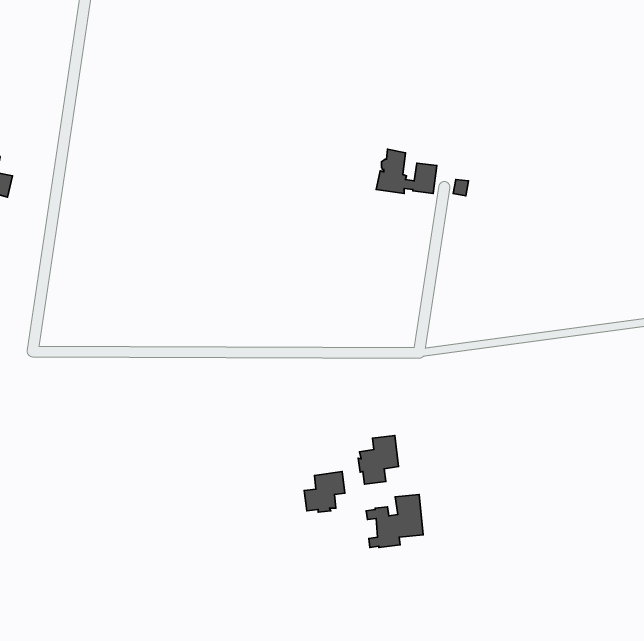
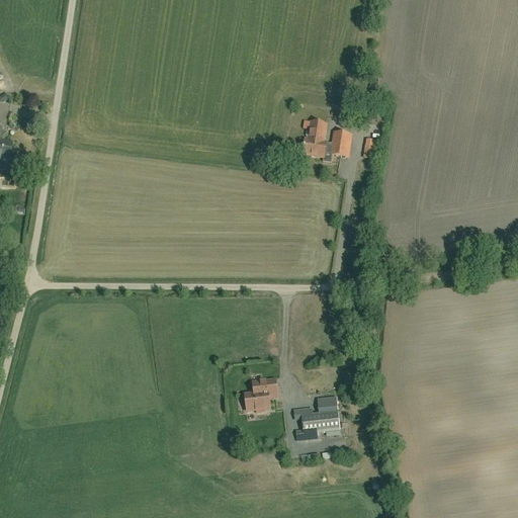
building: [358,435,398,484] -> none

